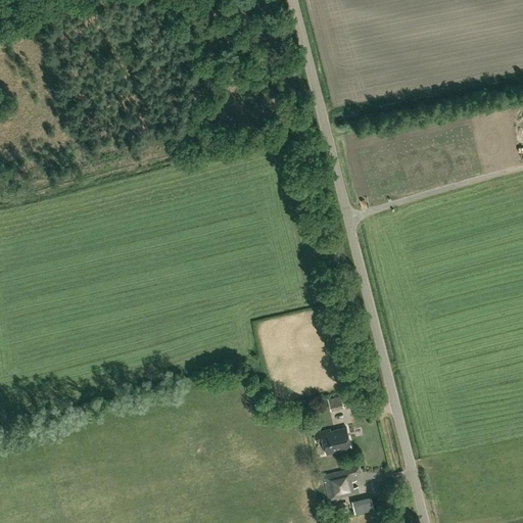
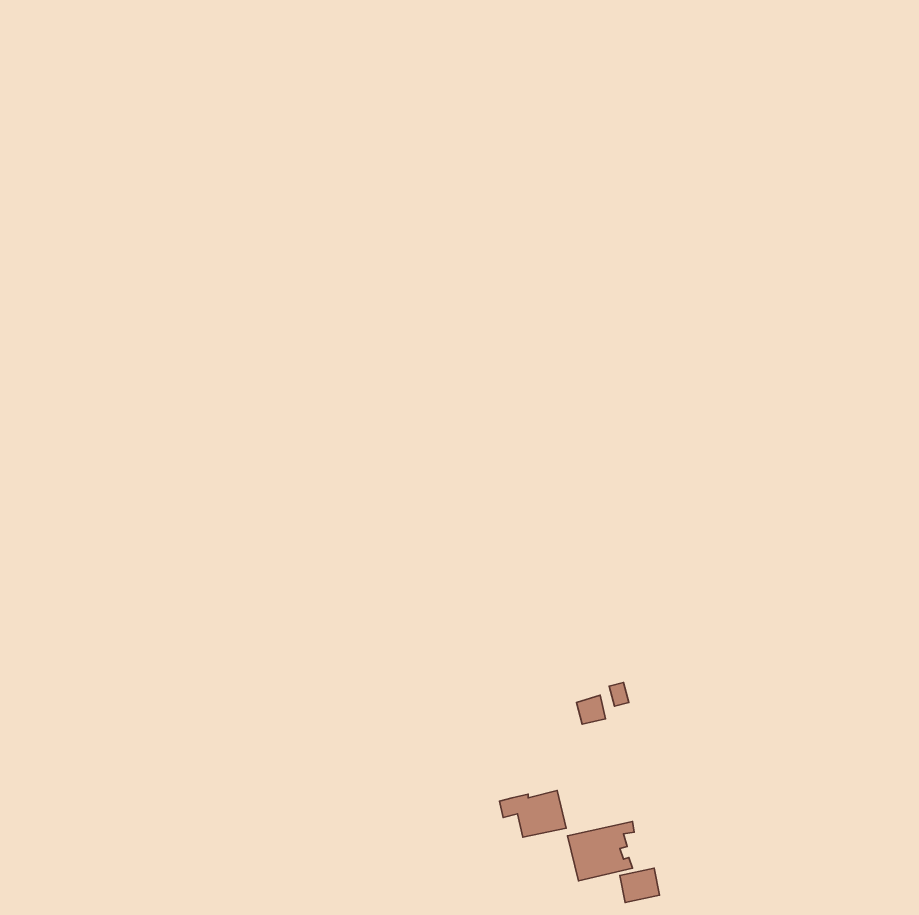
building: [313,429,350,456] -> [499,790,566,837]

